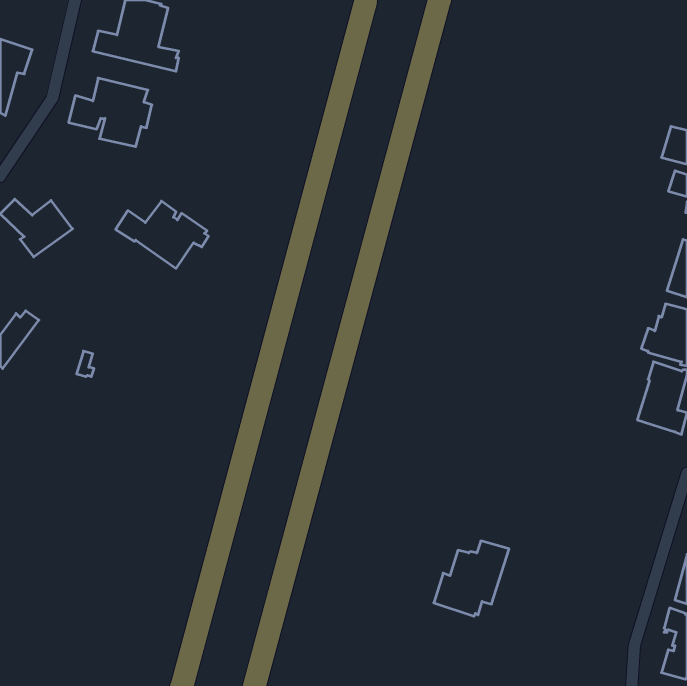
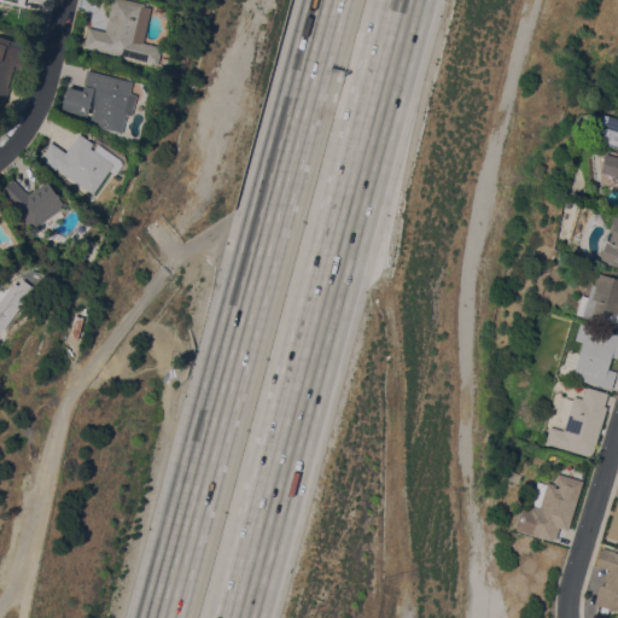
building: [116,201,208,268] -> [39,134,122,194]
building: none -> [544,386,608,457]
building: [434,541,509,616] -> [515,473,583,541]

